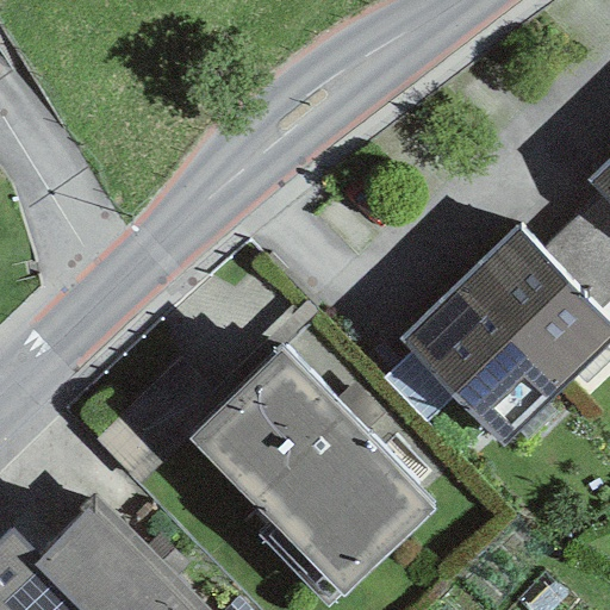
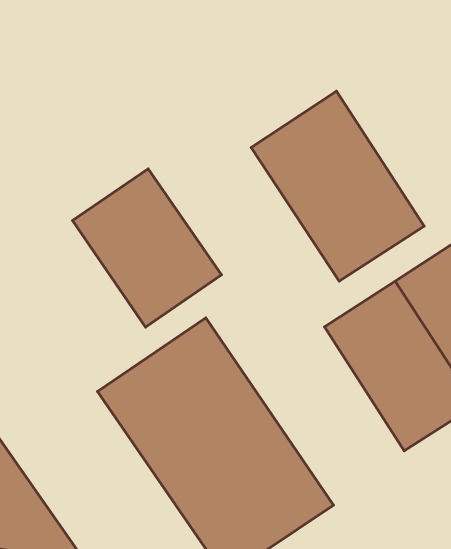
building: none -> [251,91,424,281]
building: none -> [73,169,221,327]

